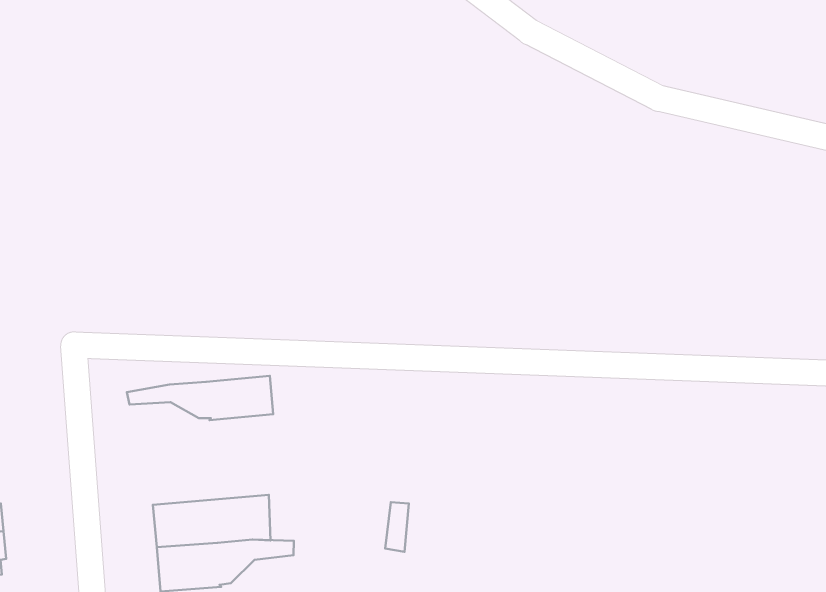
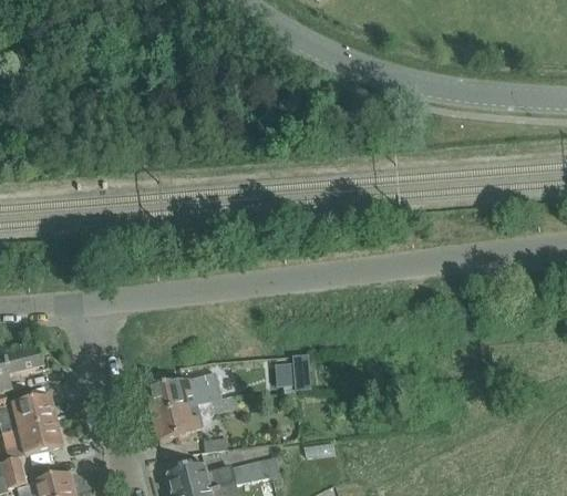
building: [127,376,273,420] -> none

